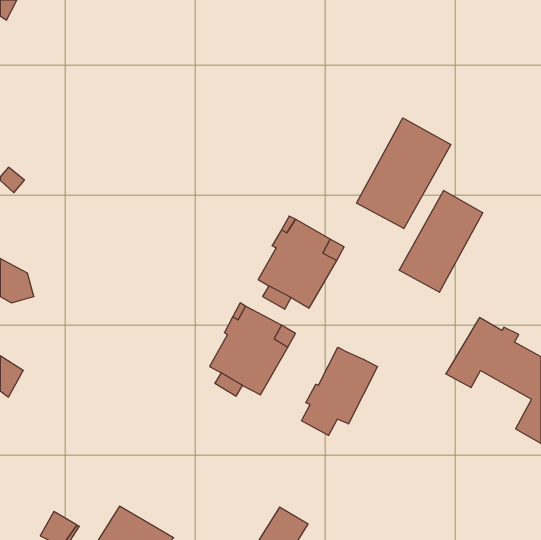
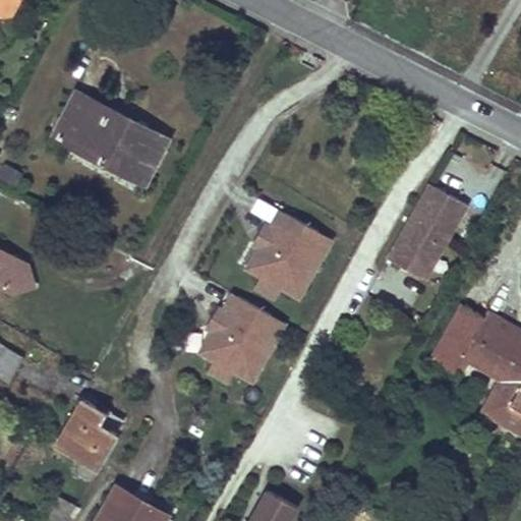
building: none -> [52,94,166,183]
building: [357,118,451,229] -> none
building: [302,347,377,435] -> none
building: none -> [55,399,122,481]

